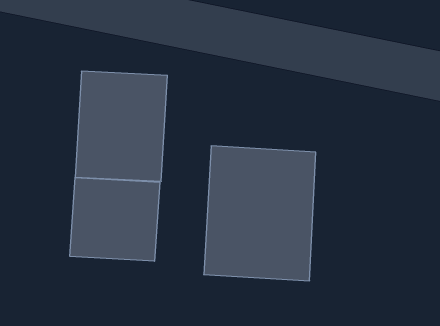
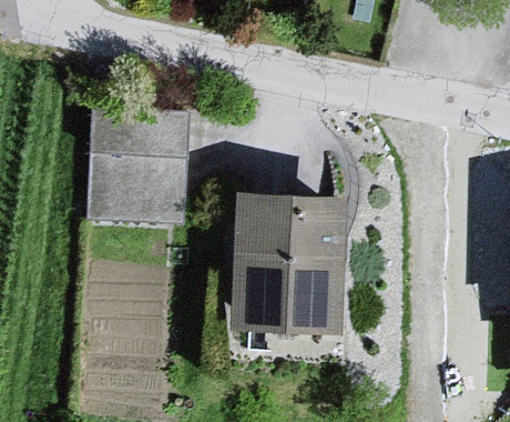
building: [70,177,160,261] -> none

